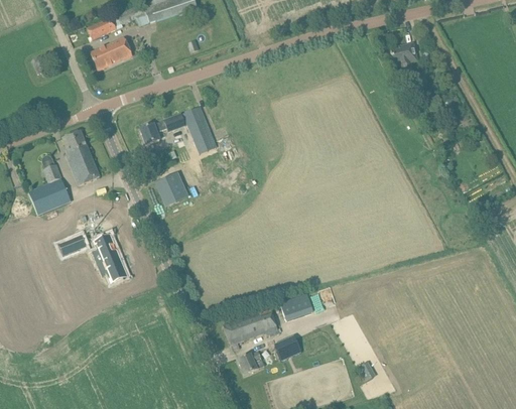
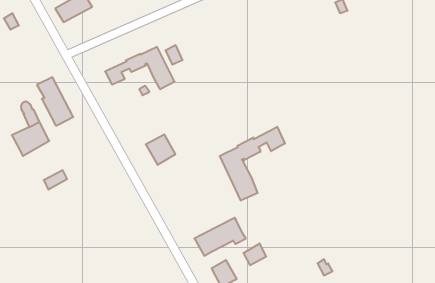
building: [155,172,187,206] -> [146,135,175,165]
building: none -> [220,127,285,201]
building: [91,235,125,278] -> none
building: [281,294,312,319] -> none

